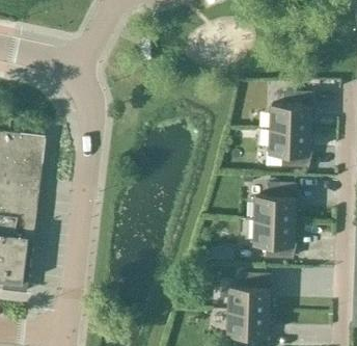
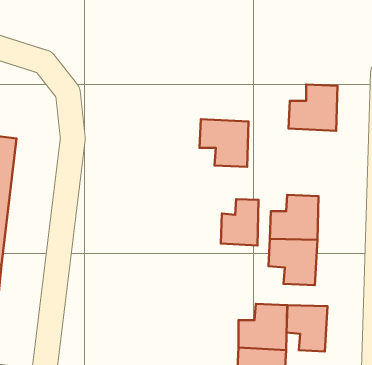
building: [269,128,309,167] -> [199,119,248,167]
building: none -> [221,199,259,245]
building: none -> [287,305,327,351]

